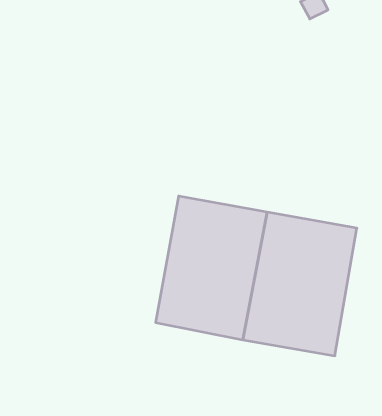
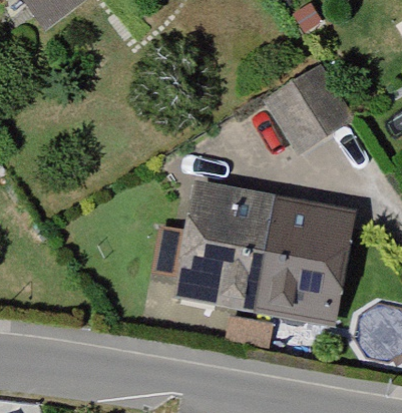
building: none -> [272,68,356,151]

